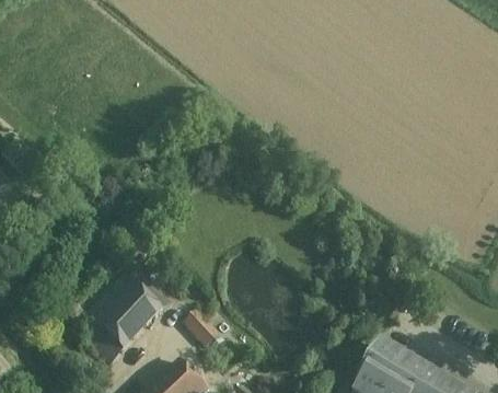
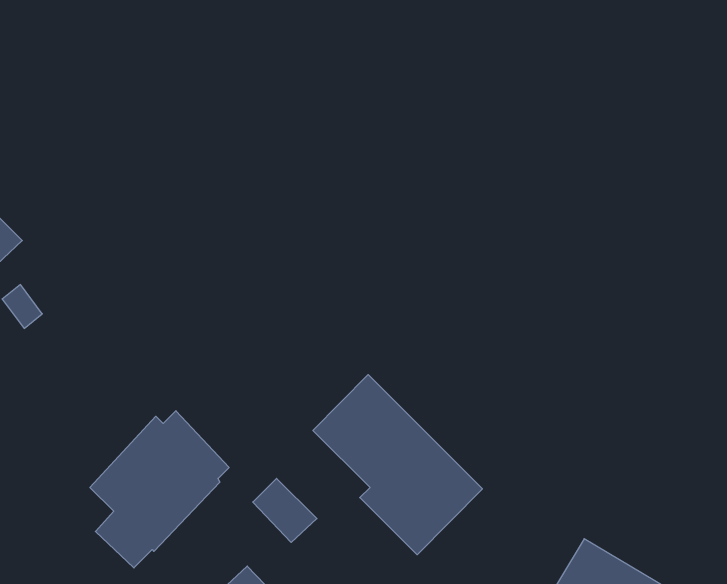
building: none -> [313,375,482,555]

